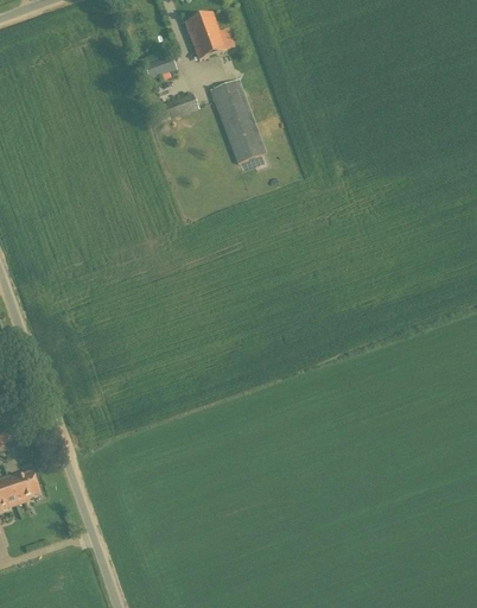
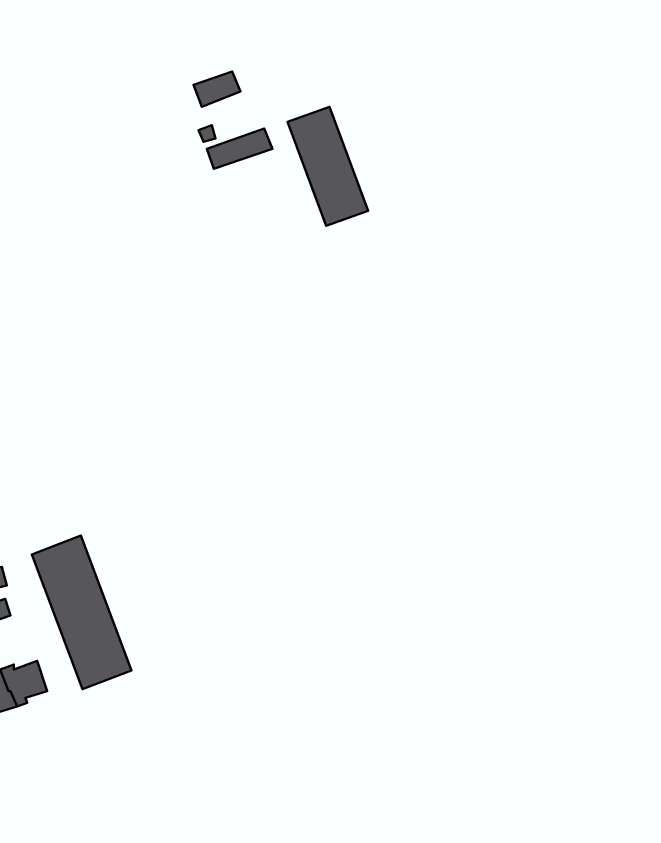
building: [184,11,225,58] -> none
building: none -> [32,535,131,689]

